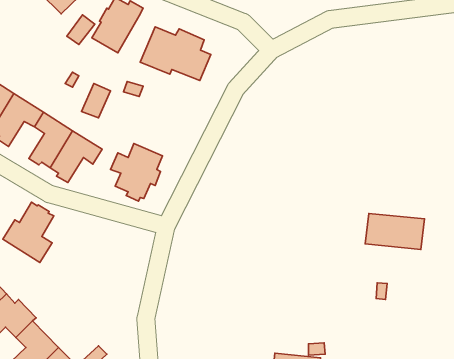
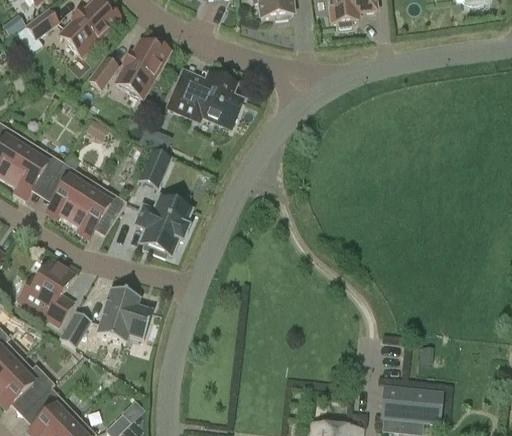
building: [82,84,110,118] -> [138,149,169,186]
building: [365,213,424,250] -> [379,385,443,424]
building: none -> [96,288,152,343]
building: none -> [59,311,90,348]

